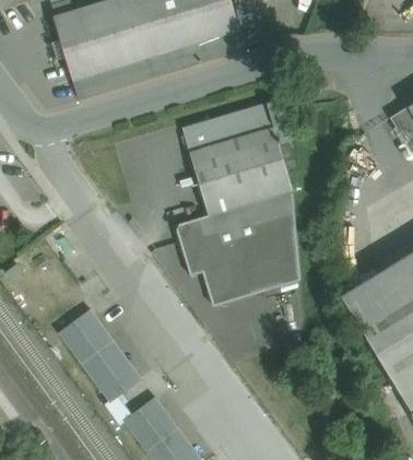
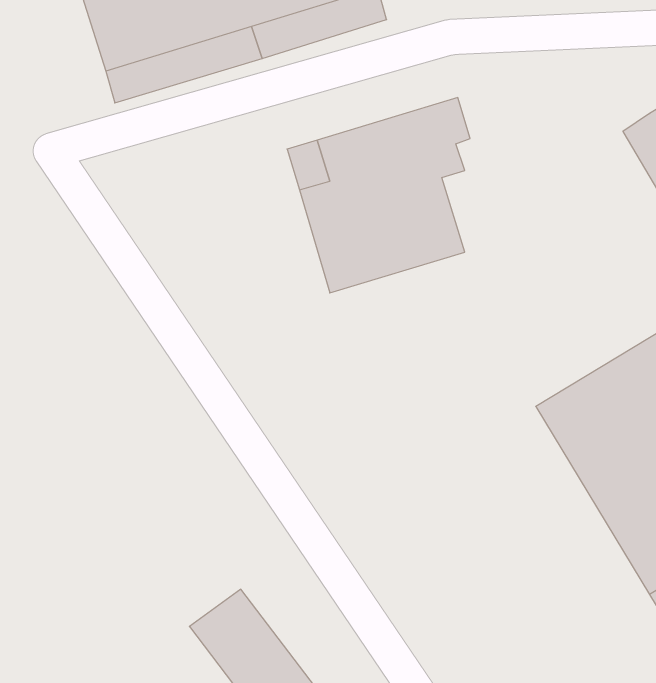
building: [177,191,302,307] -> none
building: [60,311,140,401] -> none

